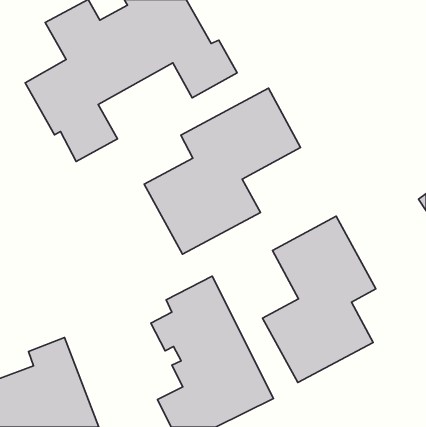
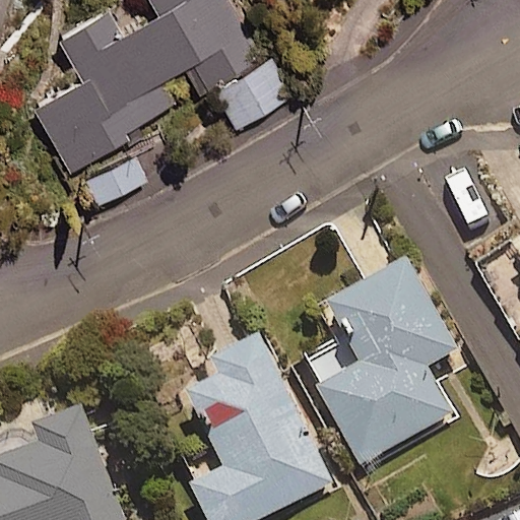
building: [144,88,301,254] -> none

